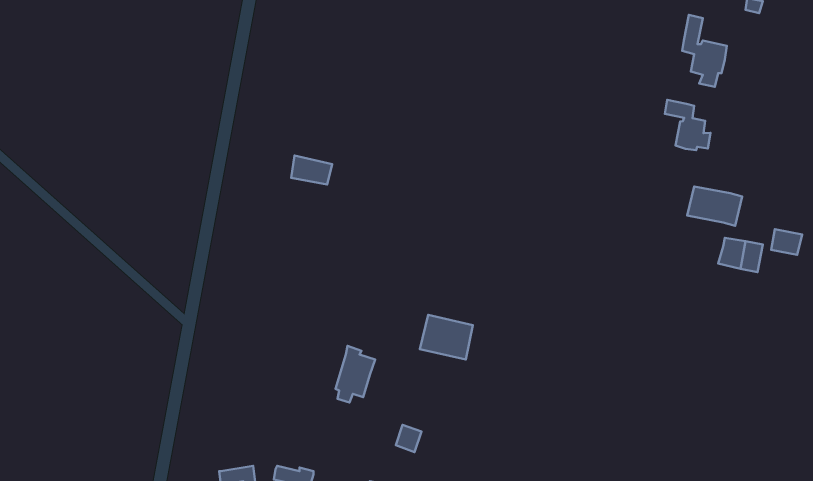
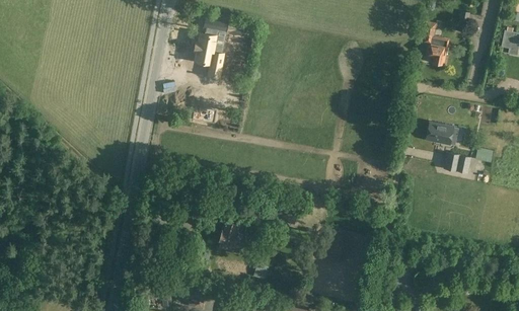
building: none -> [194,26,229,88]
building: [665,100,711,150] -> none

